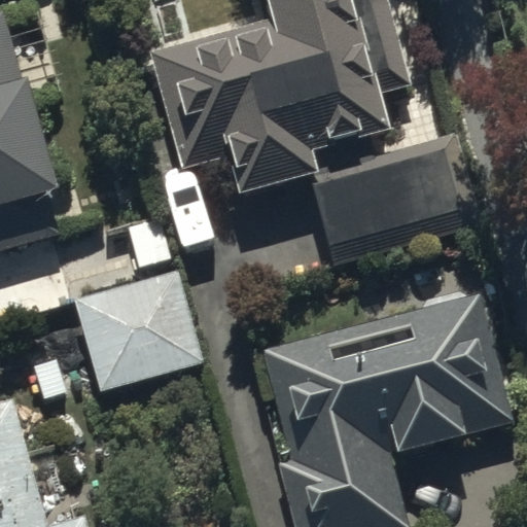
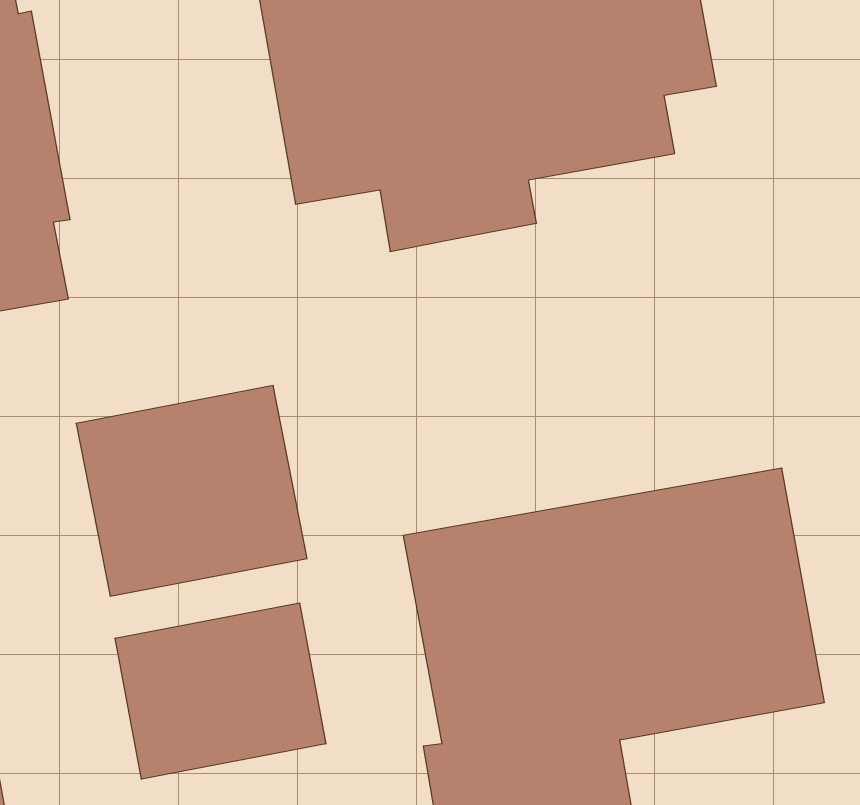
building: [311,137,476,266] -> none
building: none -> [115,603,326,779]

